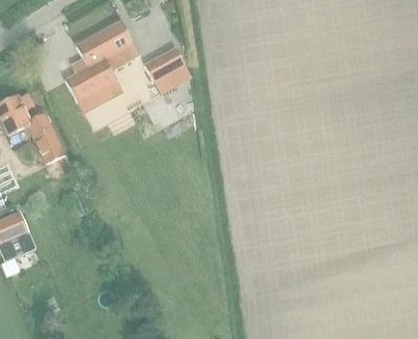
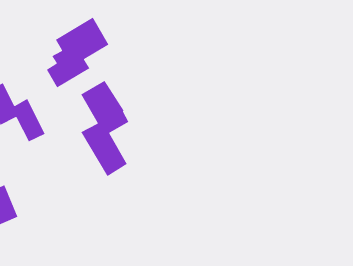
building: [143,47,190,93] -> none
building: none -> [80,80,130,177]

